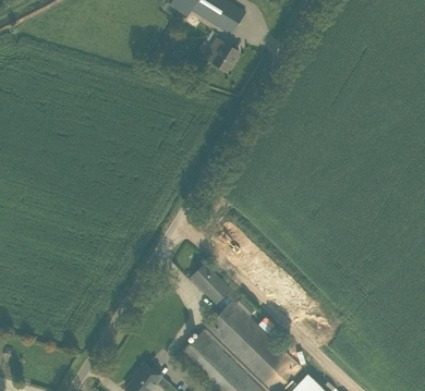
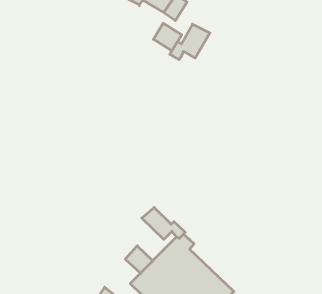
building: none -> [170,24,210,60]
building: none -> [125,246,153,273]

